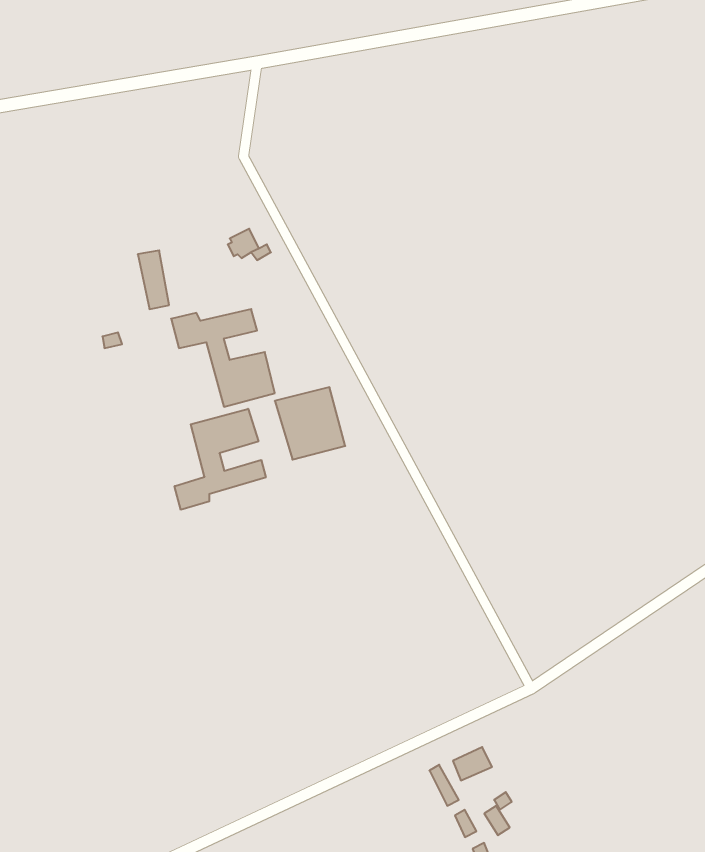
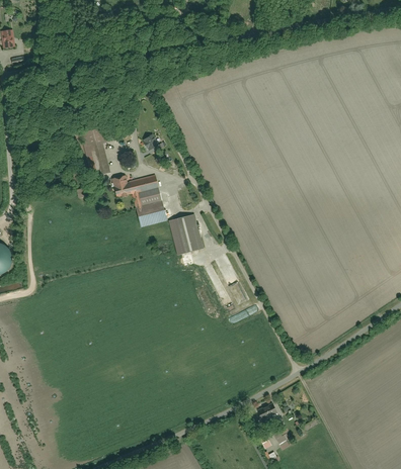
building: none -> [80,127,105,149]
building: [175,409,266,510] -> none

